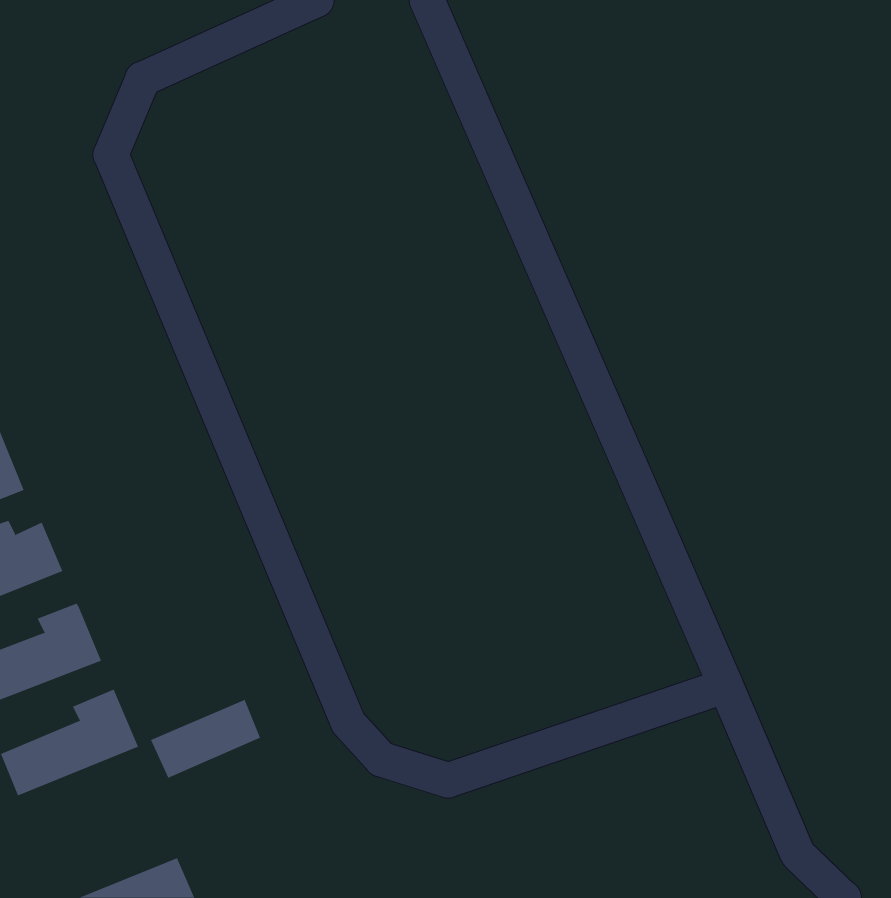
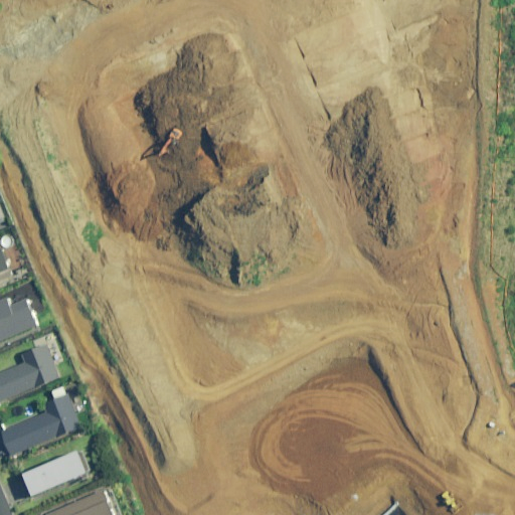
building: [150,699,261,778] -> [23,451,87,496]

